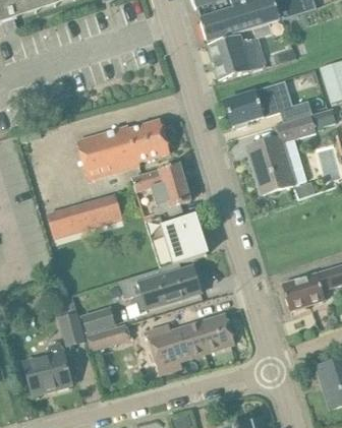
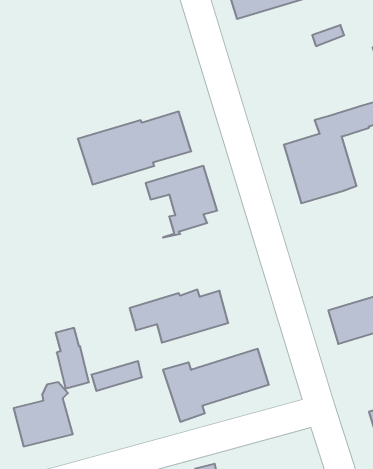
building: [209,35,267,80] -> none
building: [226,85,311,128] -> none
building: [47,194,122,239] -> none
building: [147,215,207,270] -> none
building: [82,307,116,334] -> none

